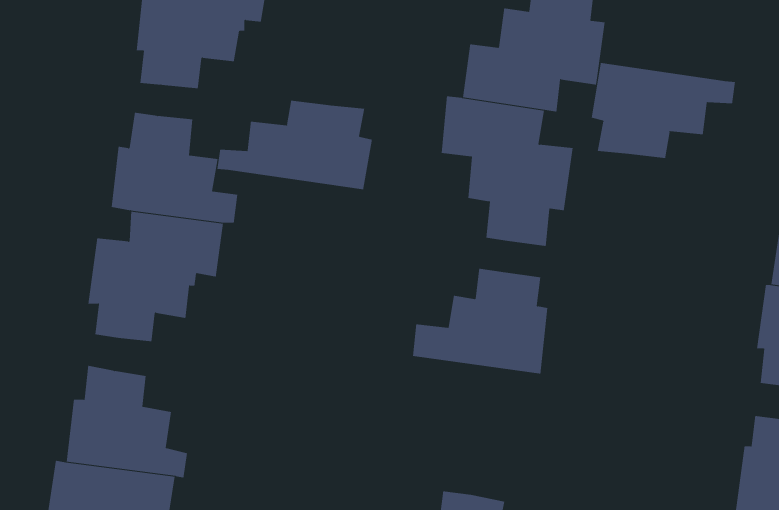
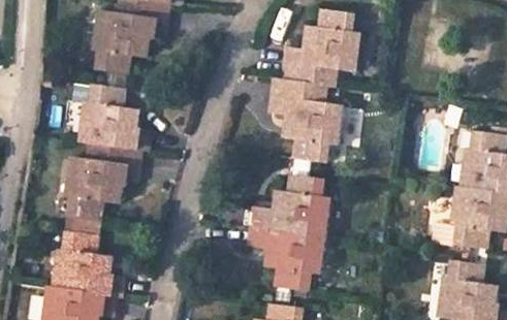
building: [591,62,735,159] -> none
building: [217,100,373,190] -> none
building: none -> [247,225,324,289]

